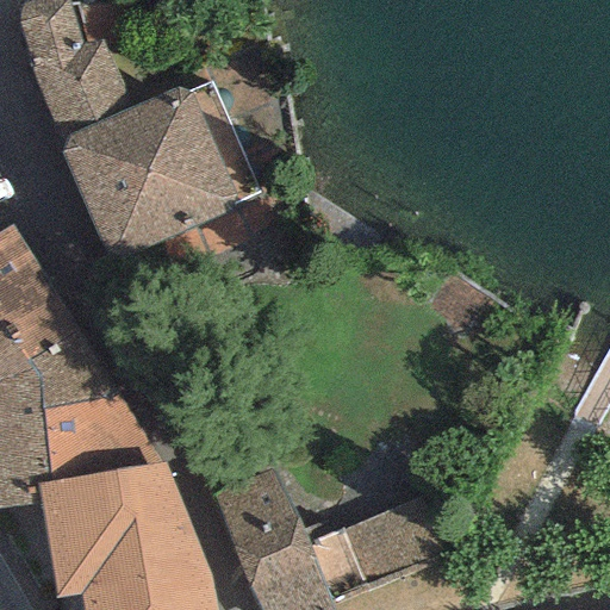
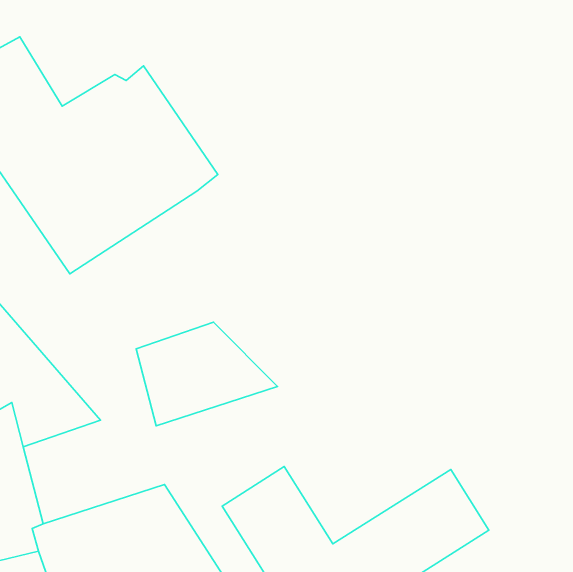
building: [43,397,164,481] -> [136,322,277,426]

